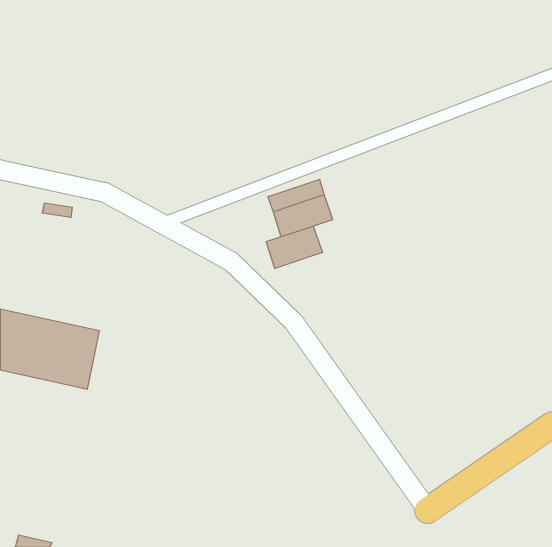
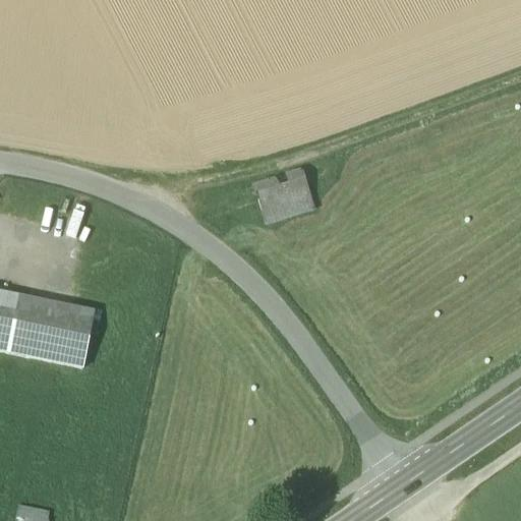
building: [266,226,322,268] -> none

